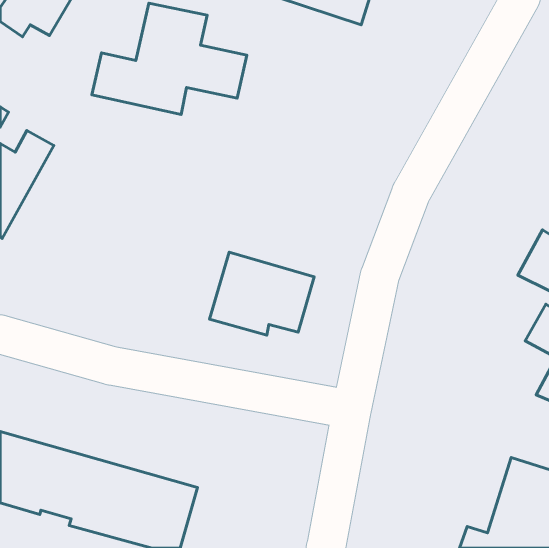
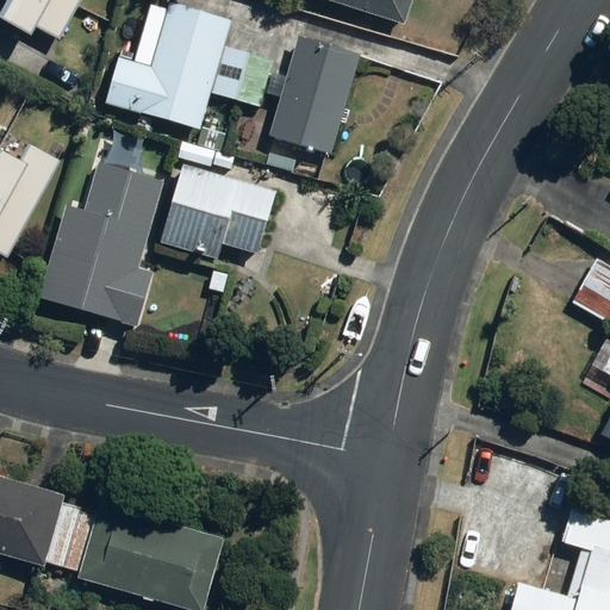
building: none -> [269,39,357,151]
building: none -> [37,161,164,325]
building: [210,252,314,335] -> [158,164,274,256]

